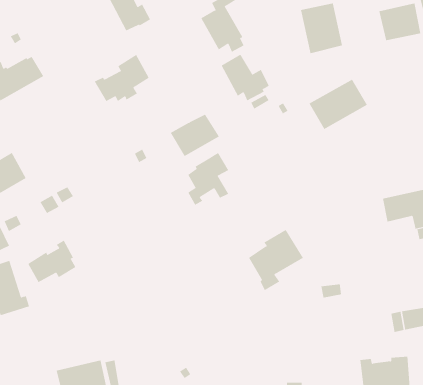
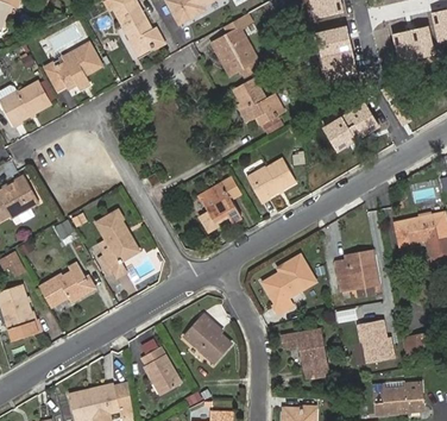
building: [94,54,150,102] -> [45,42,101,89]
building: [170,114,220,157] -> [246,158,296,201]
building: none -> [97,213,137,276]
building: none -> [335,256,379,290]
building: none -> [184,315,231,363]
building: none -> [359,320,391,363]
building: none -> [287,328,328,378]
building: none -> [141,347,181,395]

